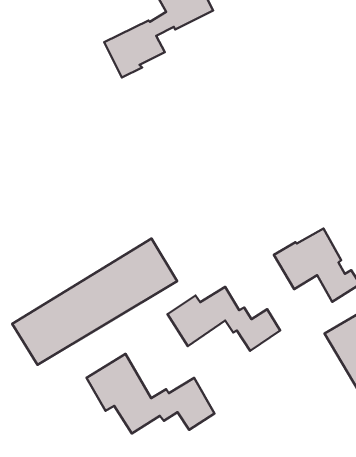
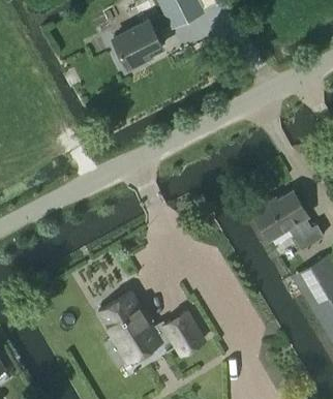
building: [12,238,177,365] -> none
building: [167,287,280,351] -> none

